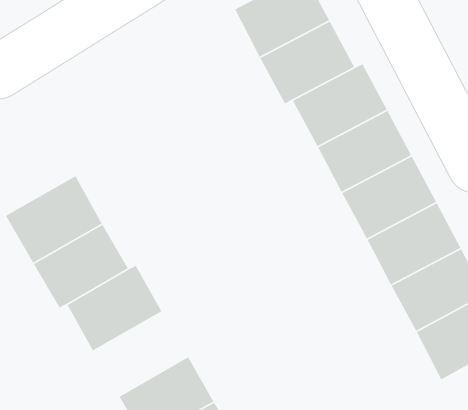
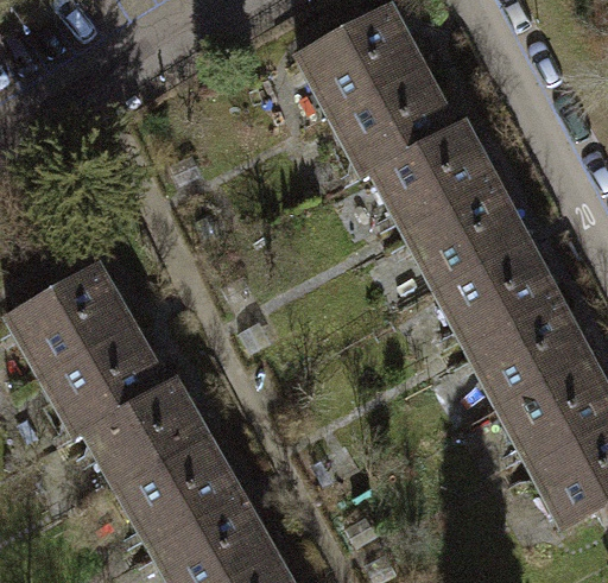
building: none -> [120,439,242,547]

